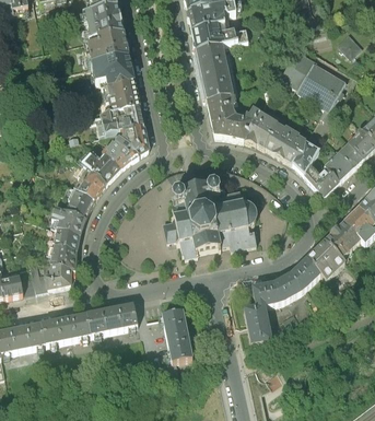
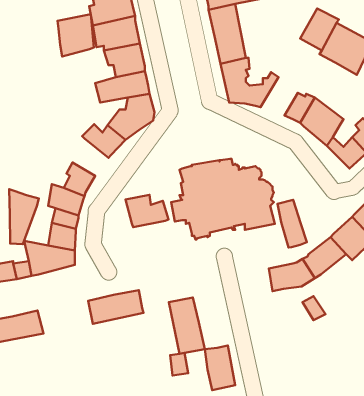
building: none -> [57,14,94,57]
building: [244,109,281,144] -> none
building: [73,165,106,199] -> none
building: none -> [9,189,39,244]
building: none -> [125,195,169,227]
building: none -> [277,200,307,248]
building: [244,302,271,342] -> [205,345,235,390]
building: [42,313,92,342] -> none

